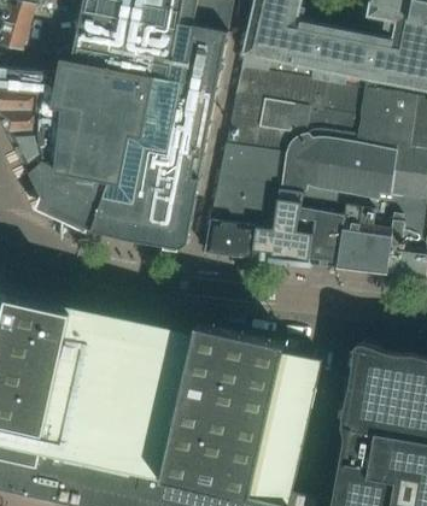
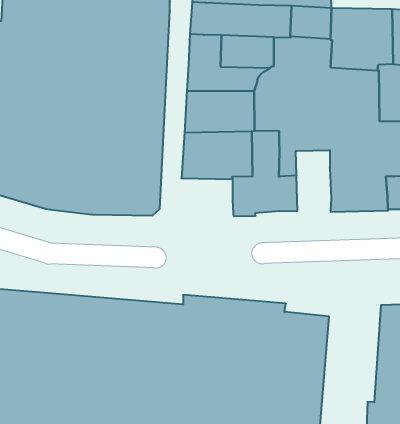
building: [306,210,343,266] -> none
building: [203,219,253,257] -> none

